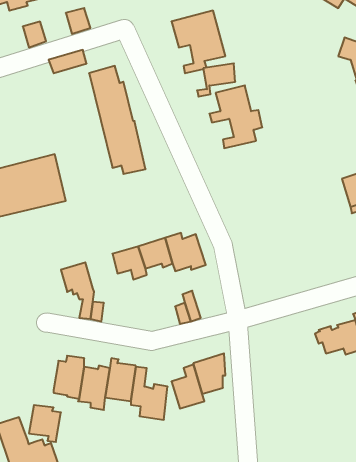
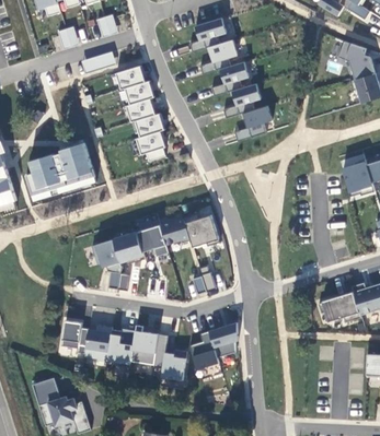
building: none -> [113,233,145,263]
building: [29,405,61,442] -> [60,321,89,354]

